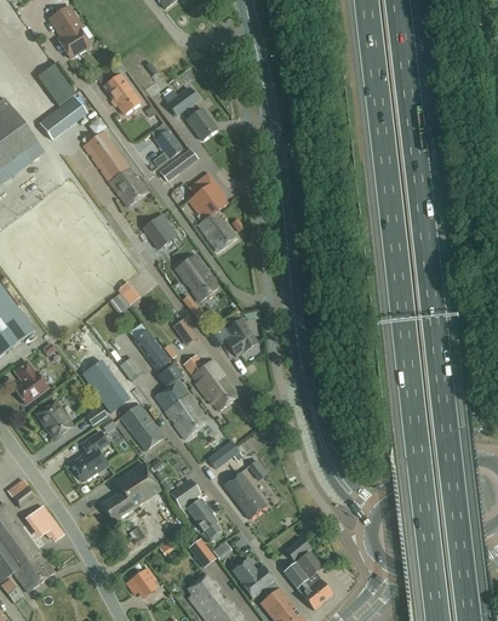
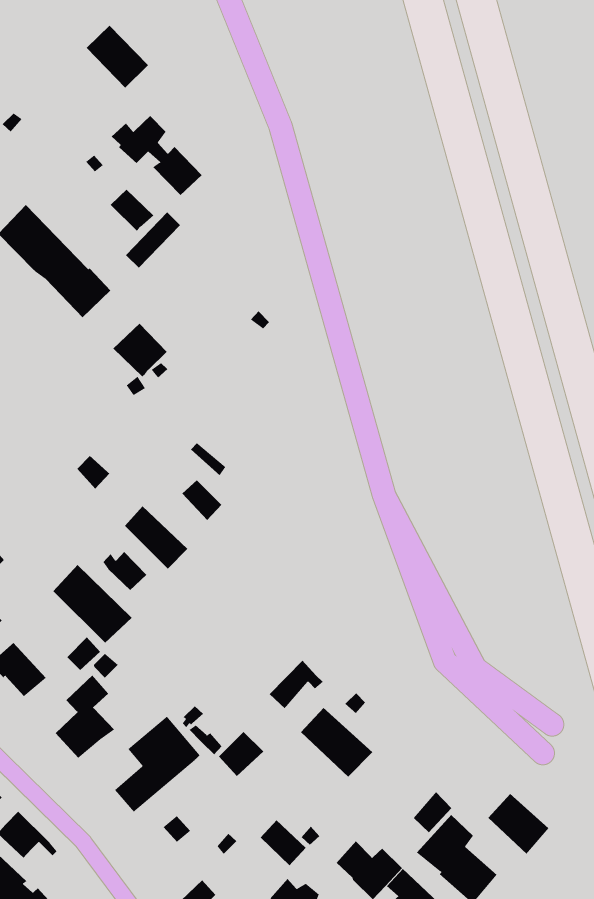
building: [103,73,141,114] -> [86,25,149,88]
building: [188,175,235,251] -> none
building: [174,253,219,301] -> none
building: [207,315,256,357] -> none
building: [183,354,239,410] -> none
building: [154,380,206,438] -> none
building: [120,403,164,450] -> none
building: [187,498,221,541] -> none
building: none -> [488,793,549,855]

